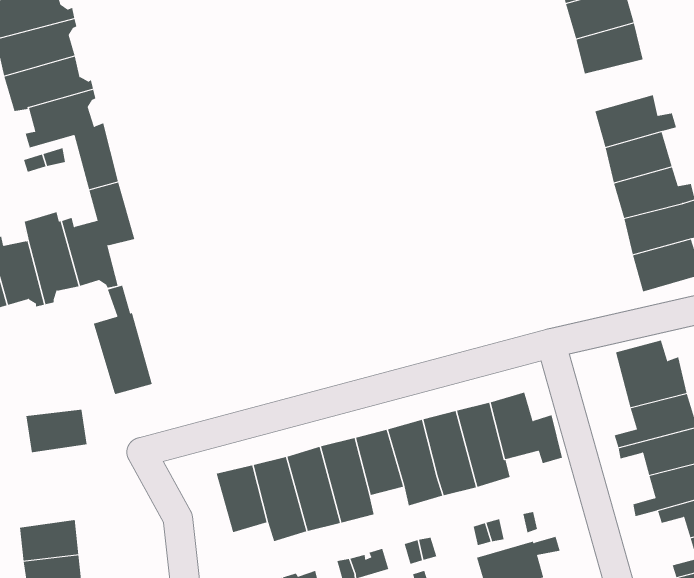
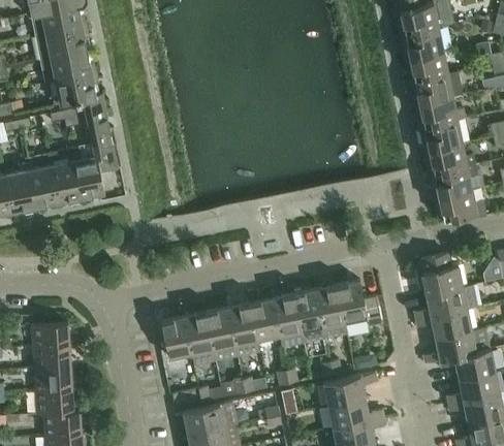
building: none -> [409,72,462,105]
building: [93,285,153,395] -> none
building: [26,409,88,453] -> [31,322,69,348]

